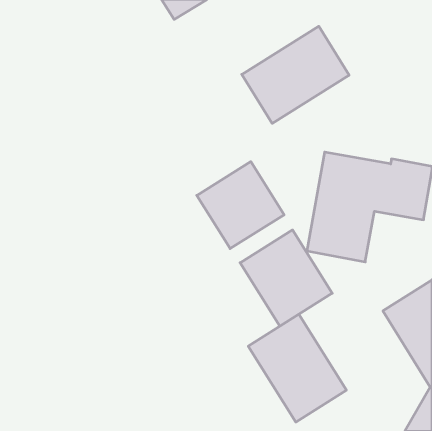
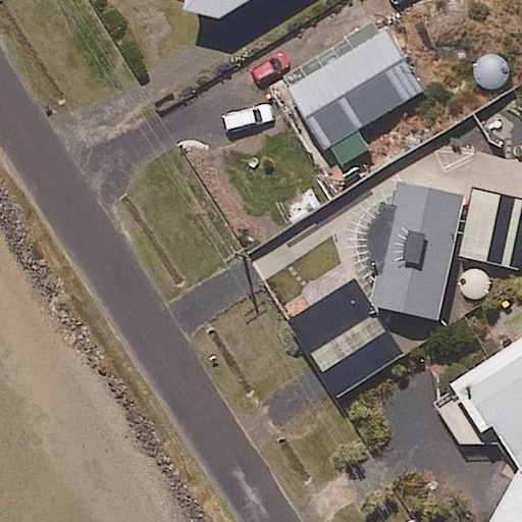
building: [197,162,284,249] -> none
building: [248,314,346,422] -> none

